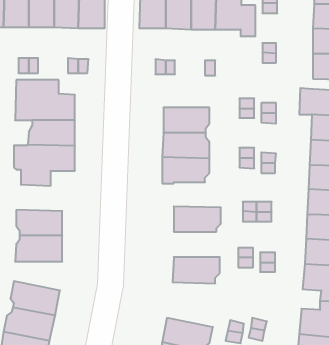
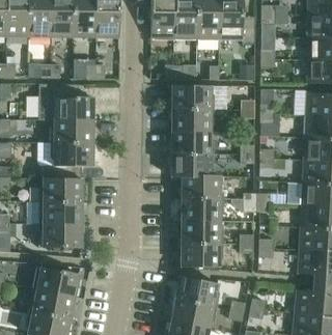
building: none -> [172,85,214,109]
building: none -> [182,175,224,199]
building: none -> [39,178,82,202]
building: none -> [182,221,223,244]
building: none -> [175,276,220,307]

